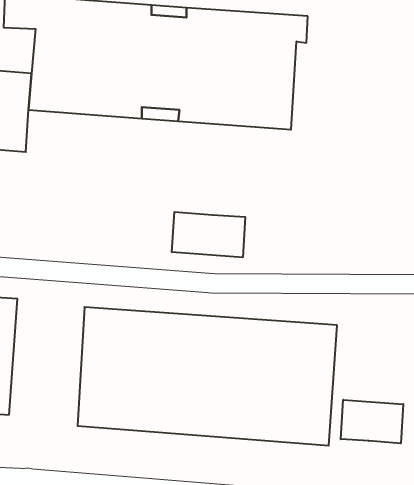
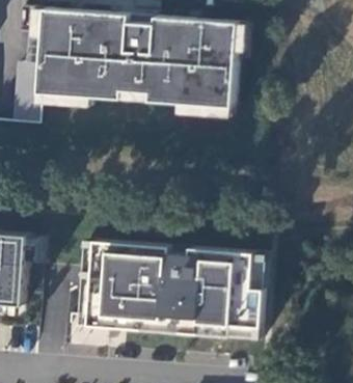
building: [172,212,245,257] -> none
building: [341,400,403,443] -> none

